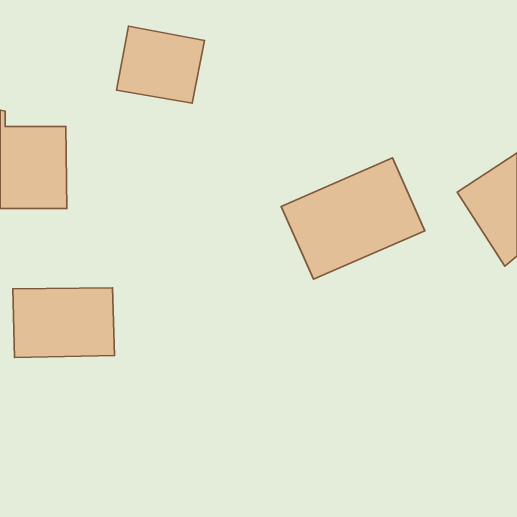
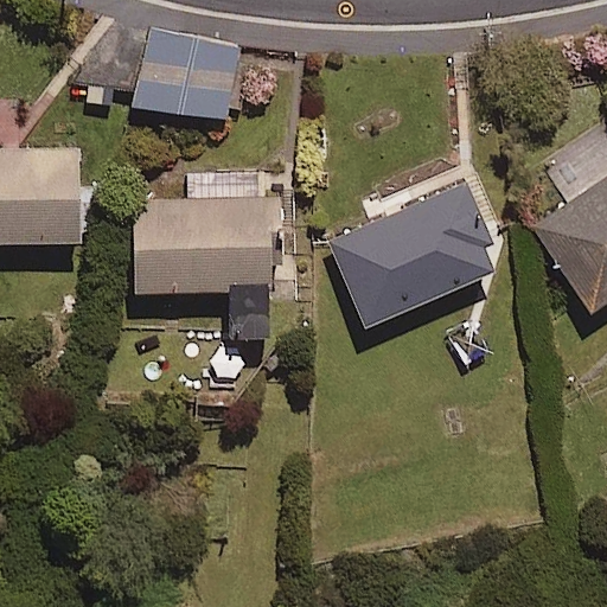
building: none -> [134,173,277,338]
building: [13,288,115,357] -> none

